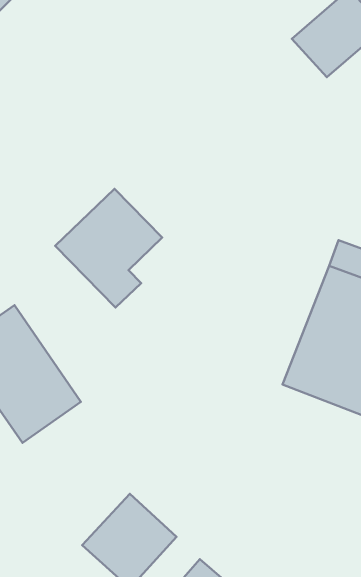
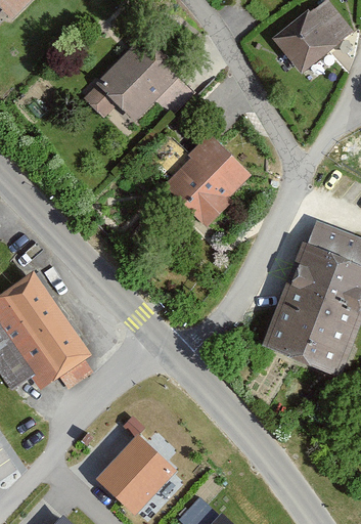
building: none -> [79,30,185,118]
building: [55,189,162,307] -> [157,131,252,235]

